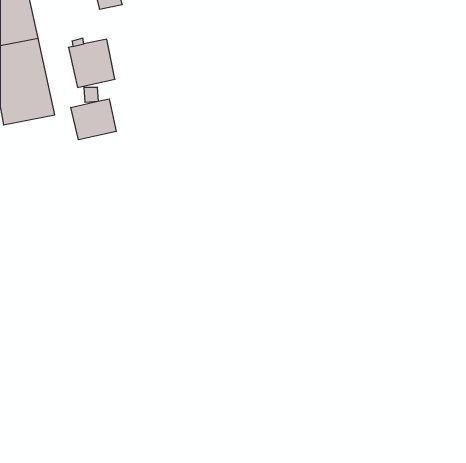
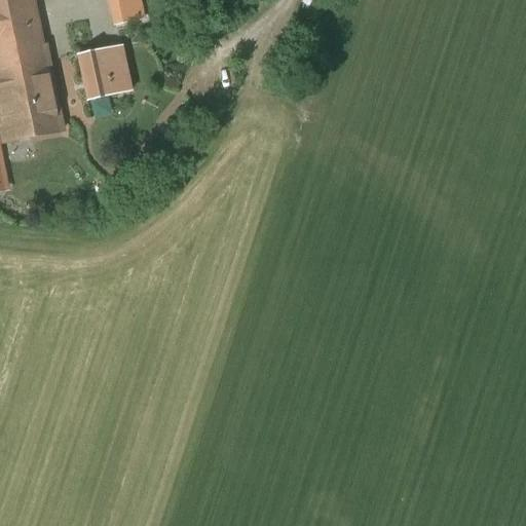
building: [71,99,116,140] -> none

